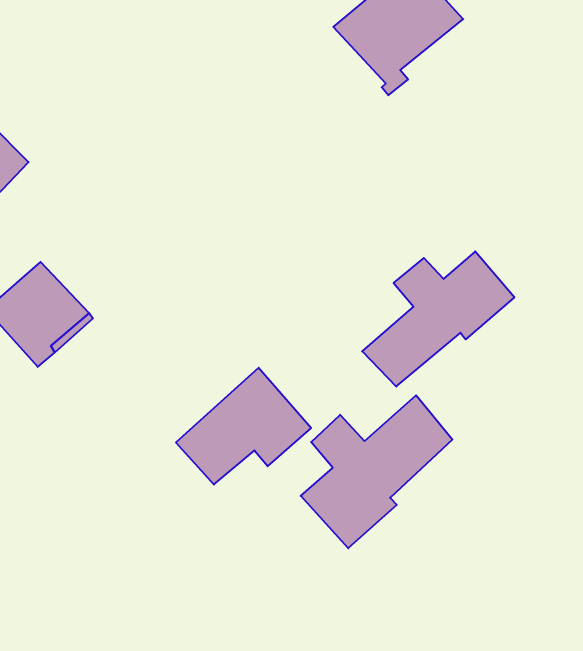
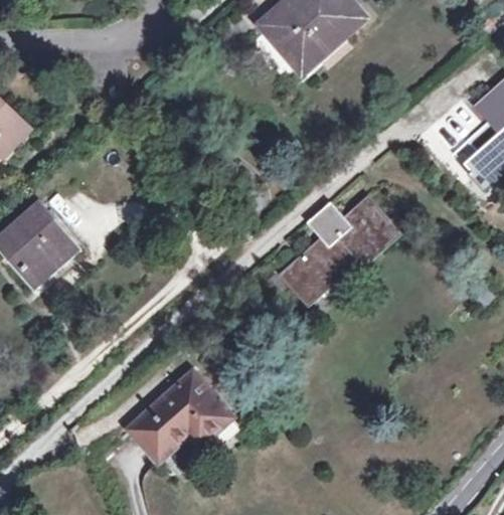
building: [176,368,311,485] -> [129,371,232,461]
building: [301,395,452,548] -> none

